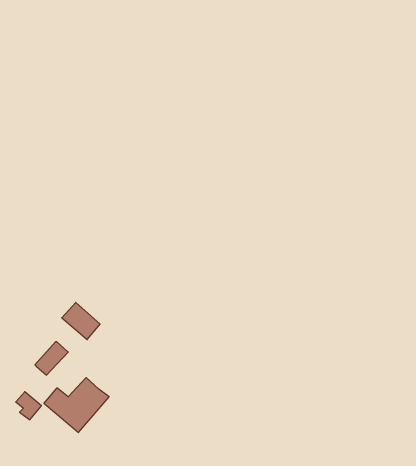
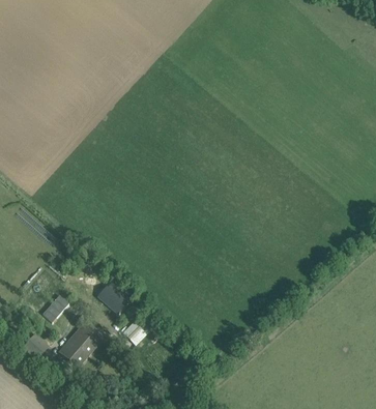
building: [62,302,100,340] -> [97,284,128,314]

